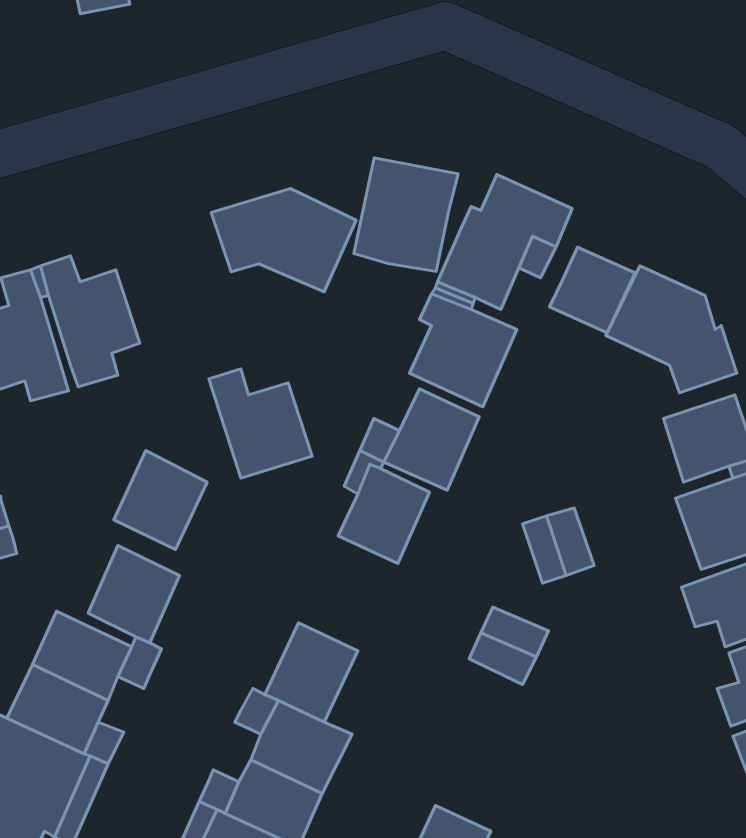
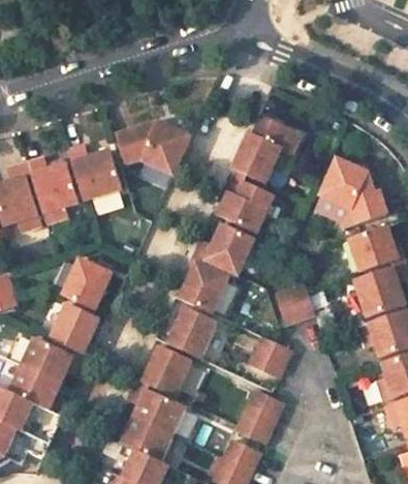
building: [354,158,458,271] -> none
building: [549,247,635,333] -> none
building: [209,369,312,478] -> [64,142,118,199]
building: none -> [166,306,216,359]
building: none -> [233,392,282,446]

